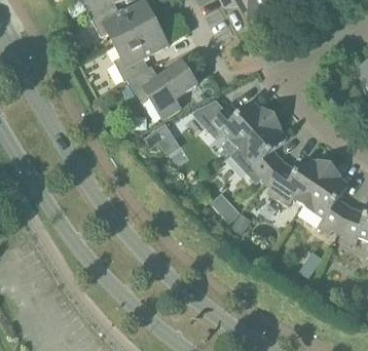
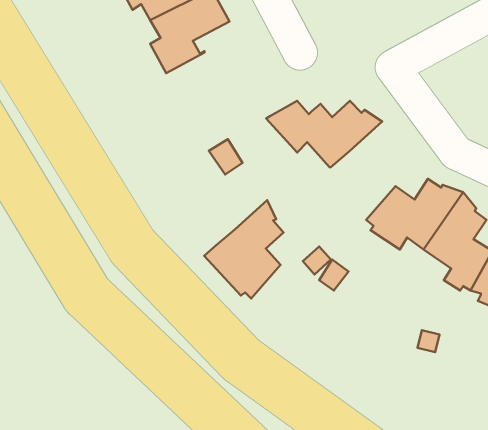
building: [123,61,196,119] -> none
building: [230,114,286,183] -> [204,200,283,299]

